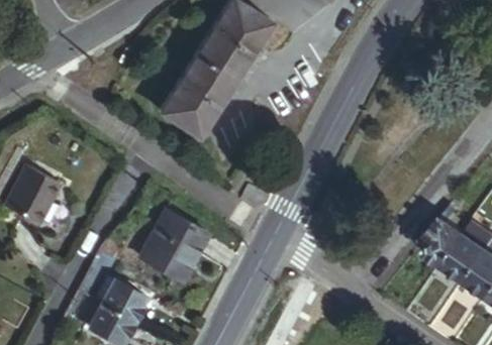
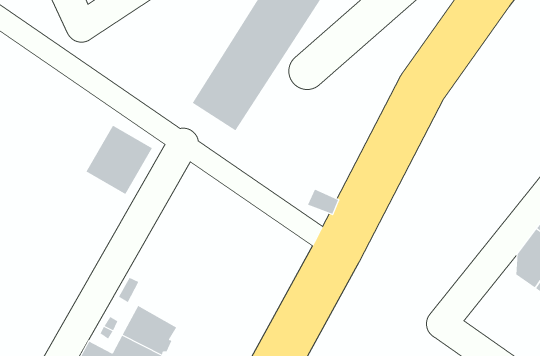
building: [9,169,65,227] -> [85,125,153,195]
building: [142,213,209,277] -> none

